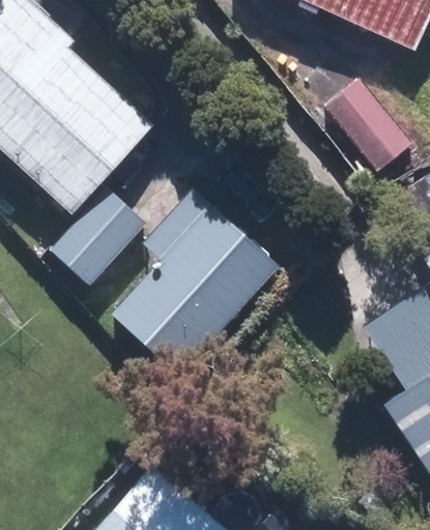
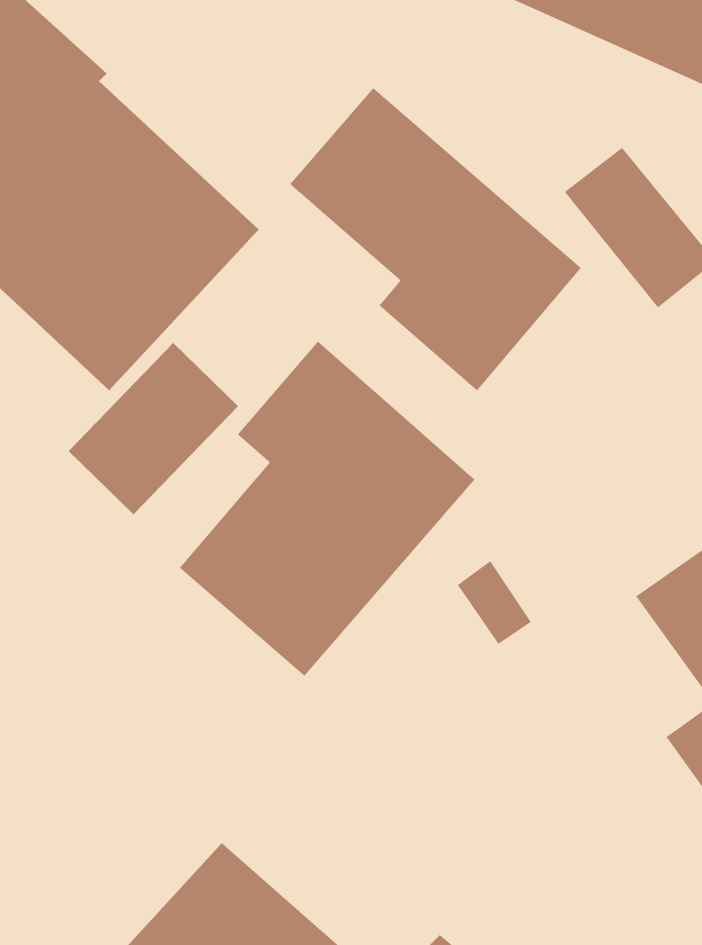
building: none -> [289,87,582,392]

